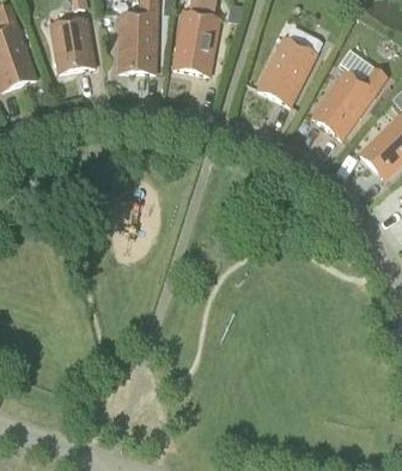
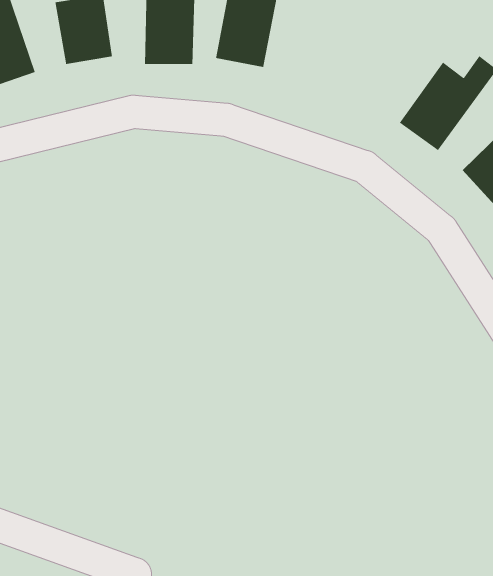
building: [257,37,316,105] -> none

